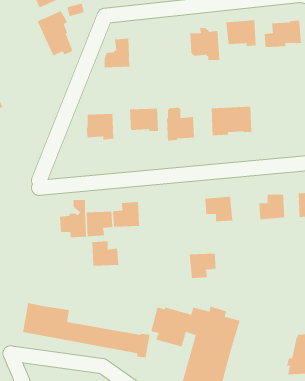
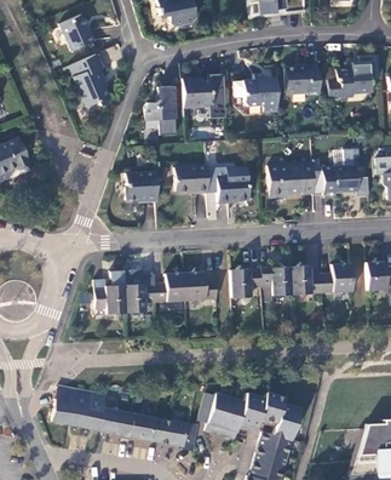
building: none -> [183,74,228,119]
building: none -> [322,152,358,196]
building: none -> [291,265,323,295]
building: [91,241,119,266] -> [185,272,217,301]
building: [189,253,216,279] -> [230,269,261,298]

